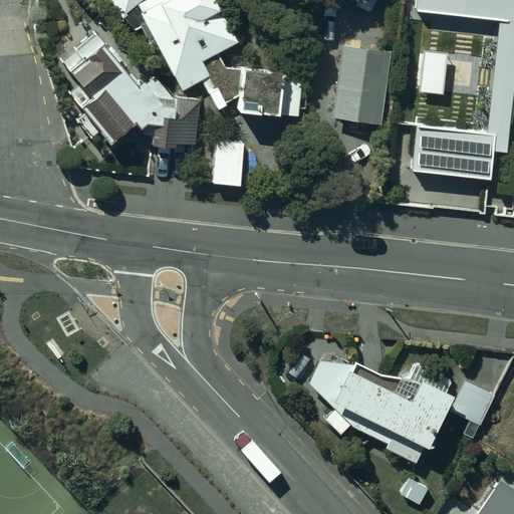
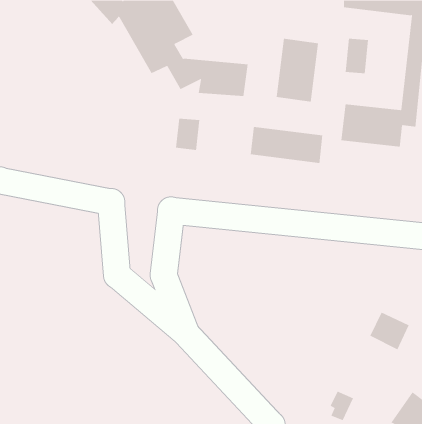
building: [71,38,199,149] -> none
building: none -> [250,126,323,164]
building: [308,355,454,459] -> none

